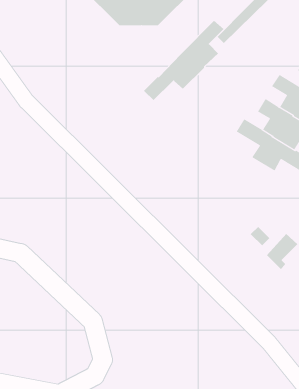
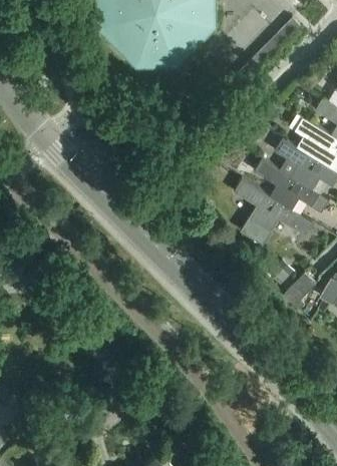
building: [143,20,224,101] -> none
building: none -> [232,181,298,248]

